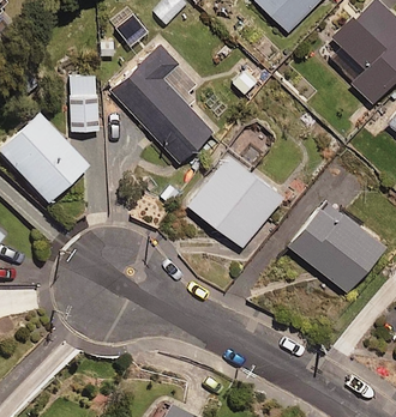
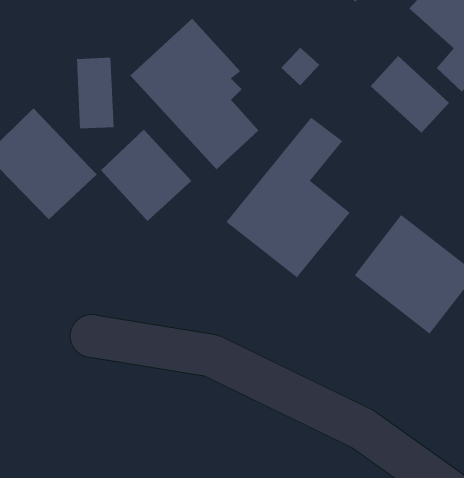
building: none -> [370,55,450,134]
building: none -> [100,129,192,222]

